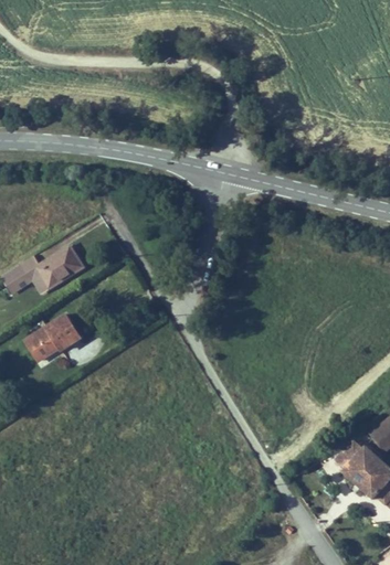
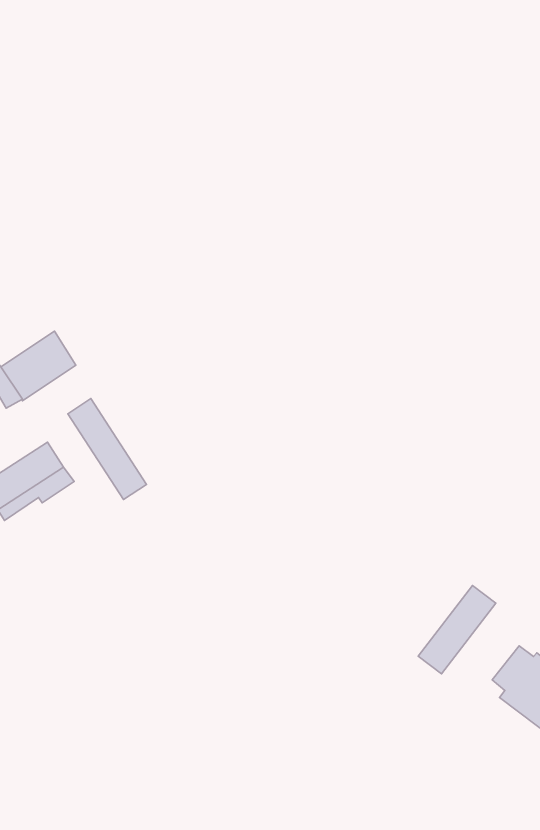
building: none -> [68,399,147,500]
building: none -> [418,586,496,674]

